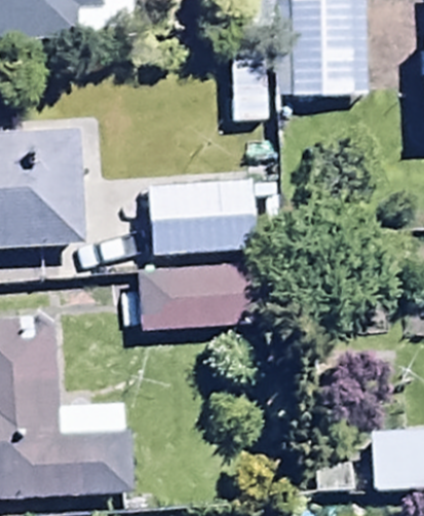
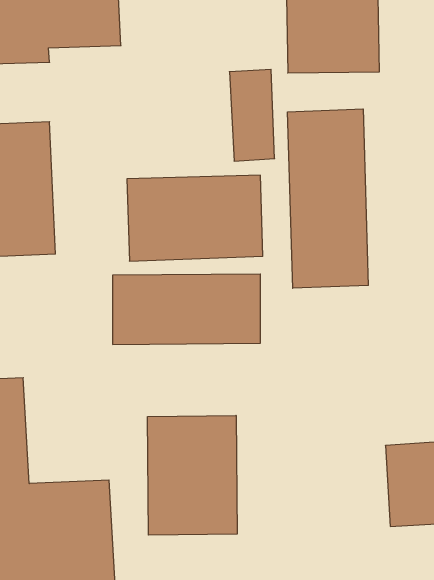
building: none -> [288,109,368,288]
building: none -> [148,415,237,535]

